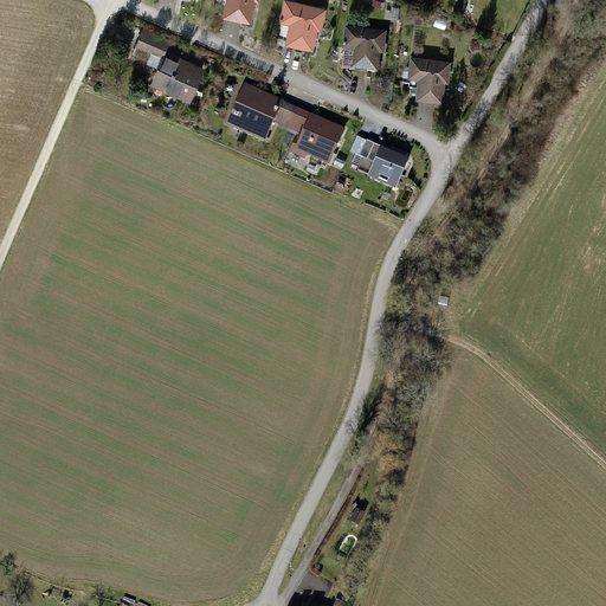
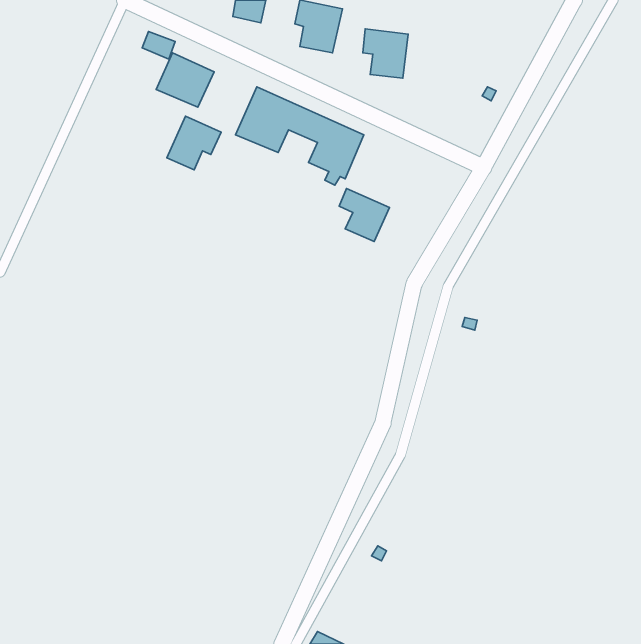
building: [407,54,451,102] -> none
building: none -> [167,116,221,170]
building: [360,141,407,191] -> [339,189,389,241]

